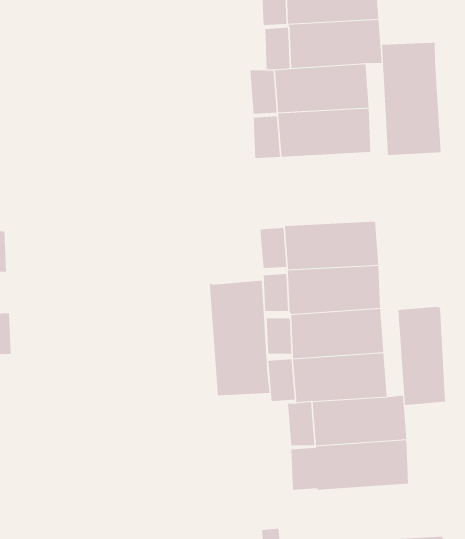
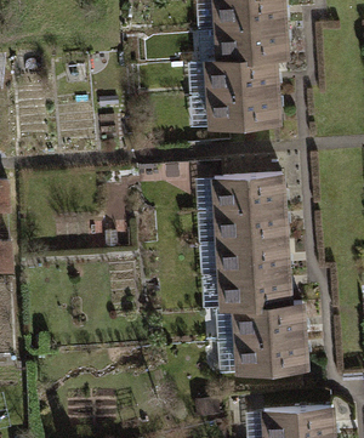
building: [381,42,441,156] -> none
building: [209,280,270,396] -> none
building: [398,306,446,406] -> none

